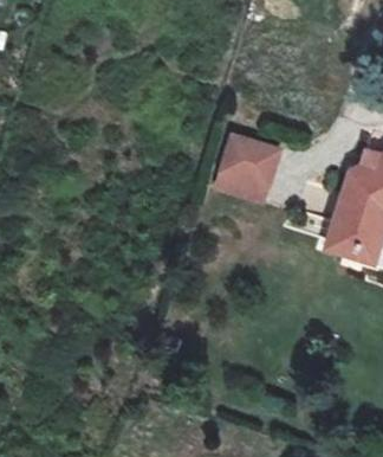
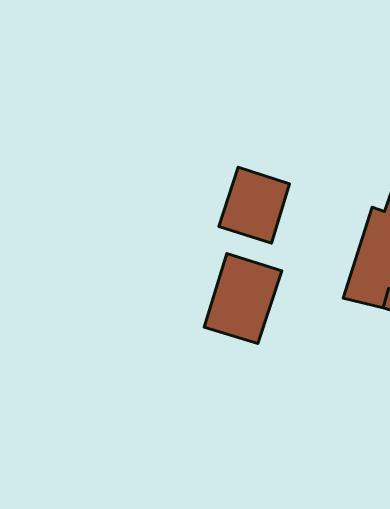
building: none -> [204,253,282,344]

